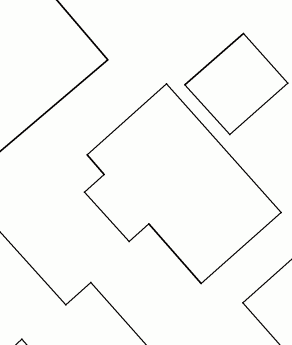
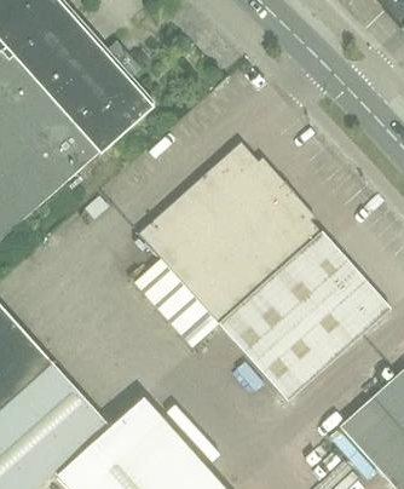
building: [185,34,288,135] -> none

